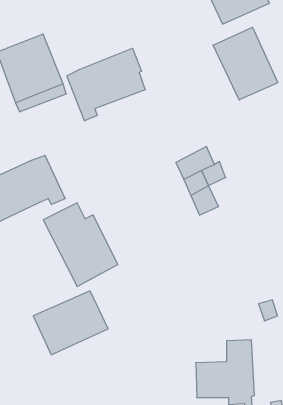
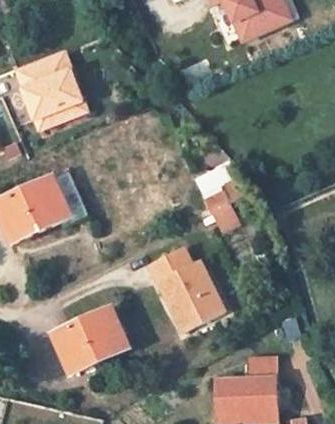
building: [213,27,278,100] -> none
building: [67,48,145,121] -> none
building: [43,203,118,287] -> [148,248,223,332]

